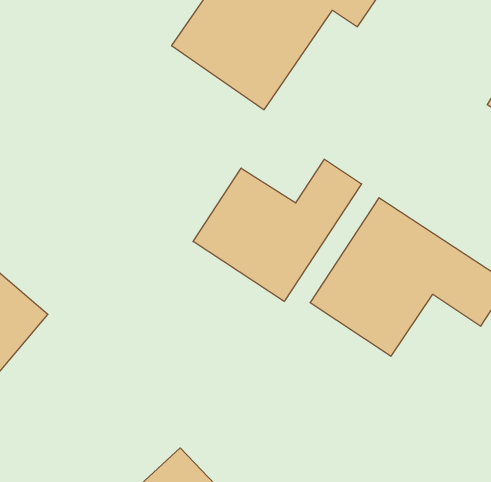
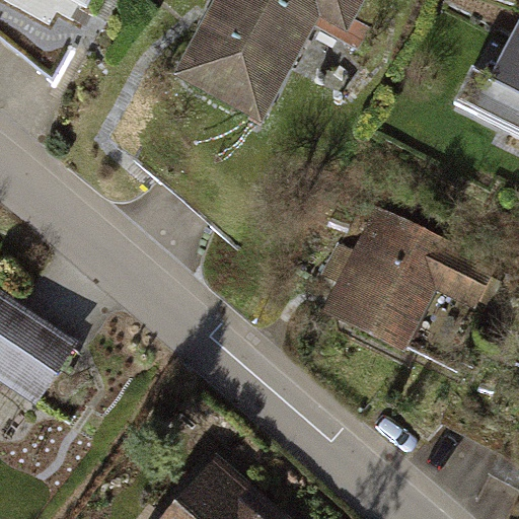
building: [193,159,362,301] -> none

